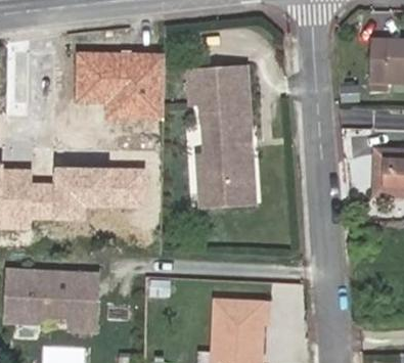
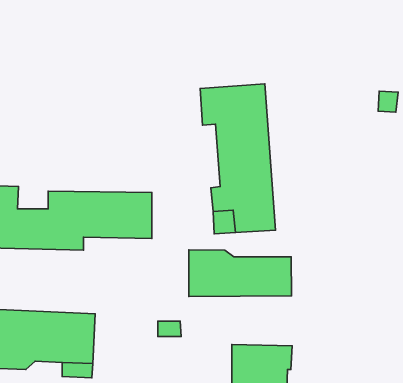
building: [72,48,167,121] -> none
building: none -> [189,250,291,296]

